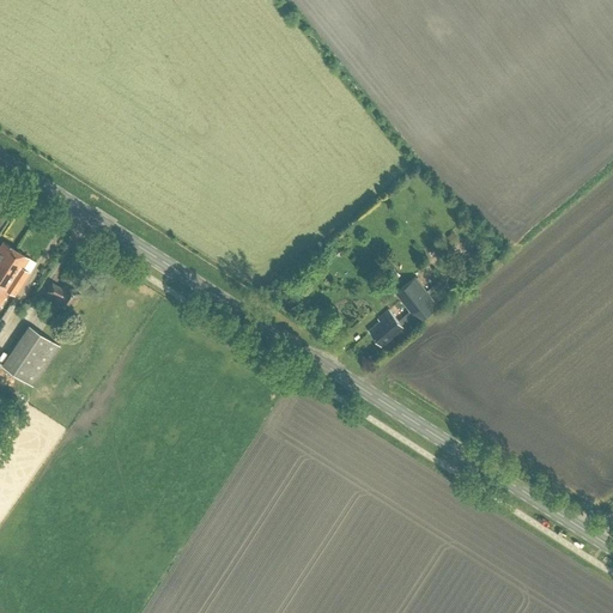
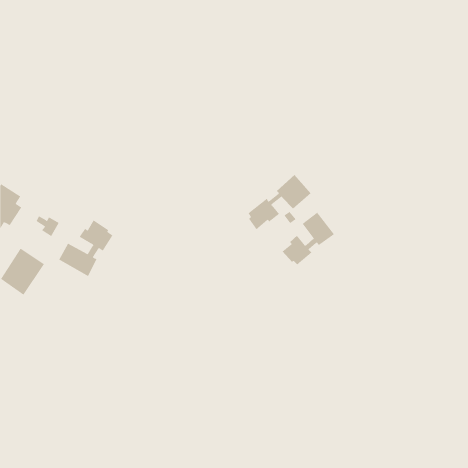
building: none -> [248,174,312,230]
building: none -> [59,220,113,277]

